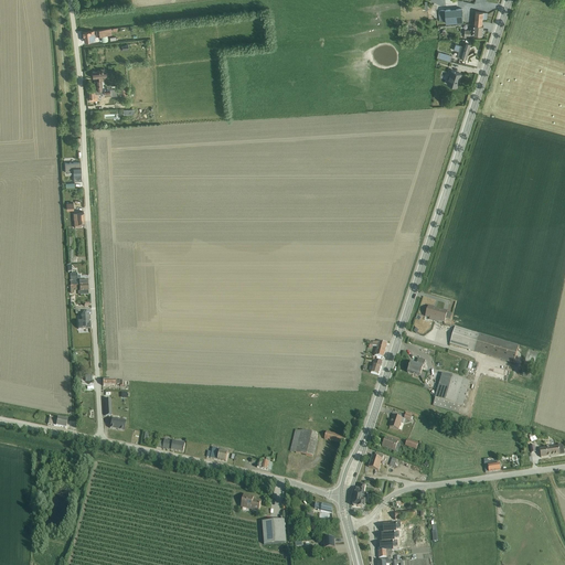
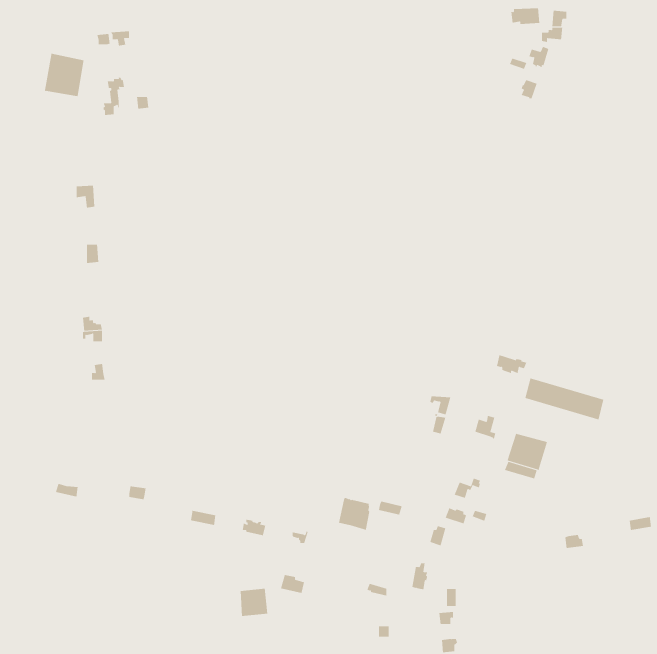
building: none -> [44,53,84,98]
building: [263,519,287,543] -> [240,588,268,617]

